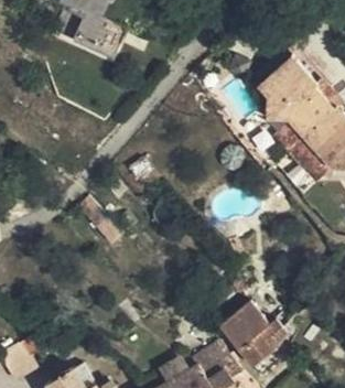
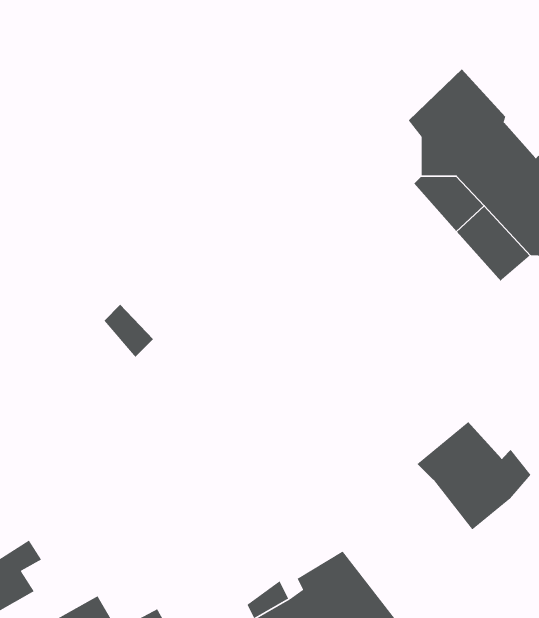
building: [219,302,288,367] -> [416,421,531,530]

